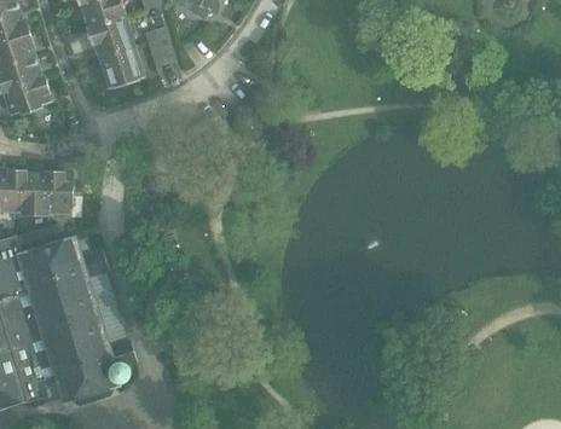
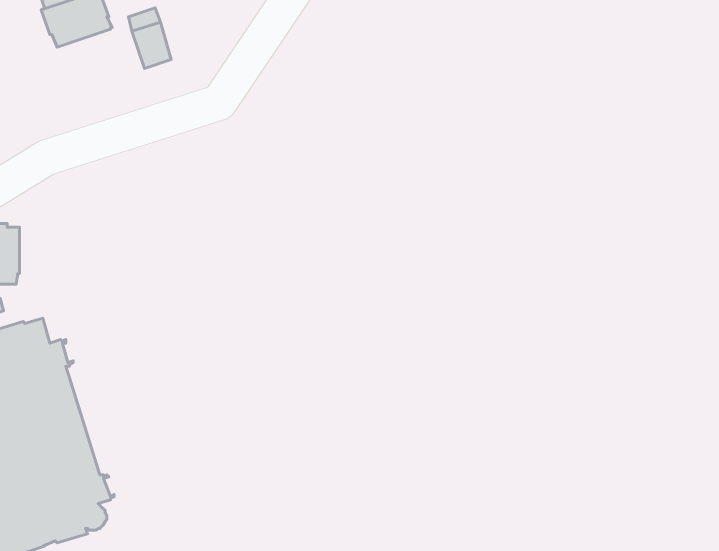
building: [97,41,145,89] -> none

